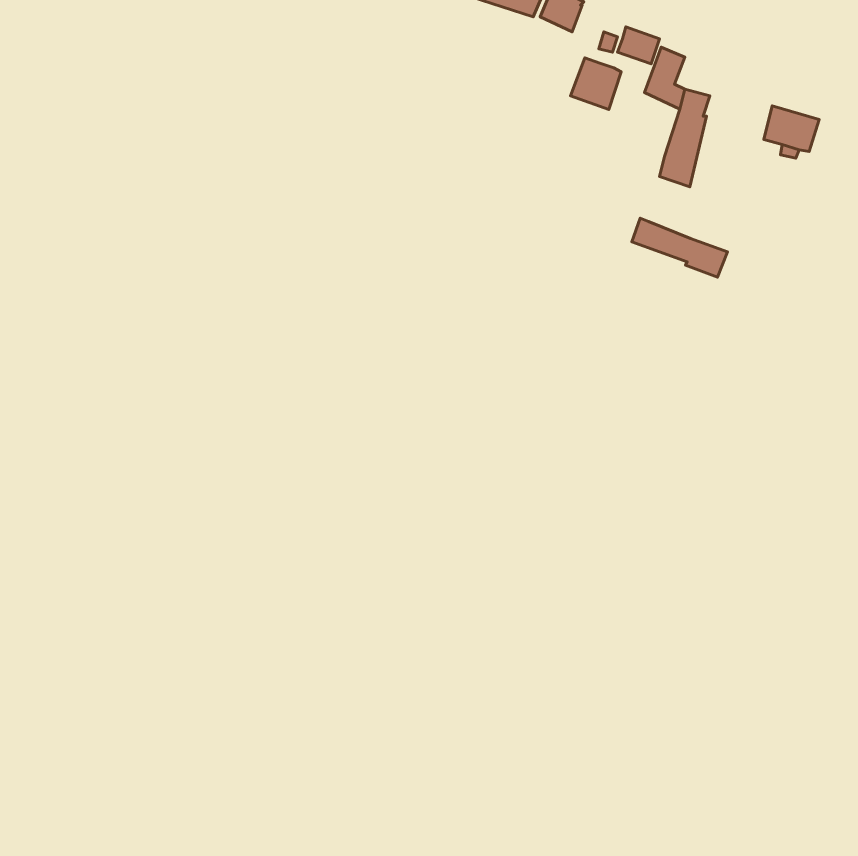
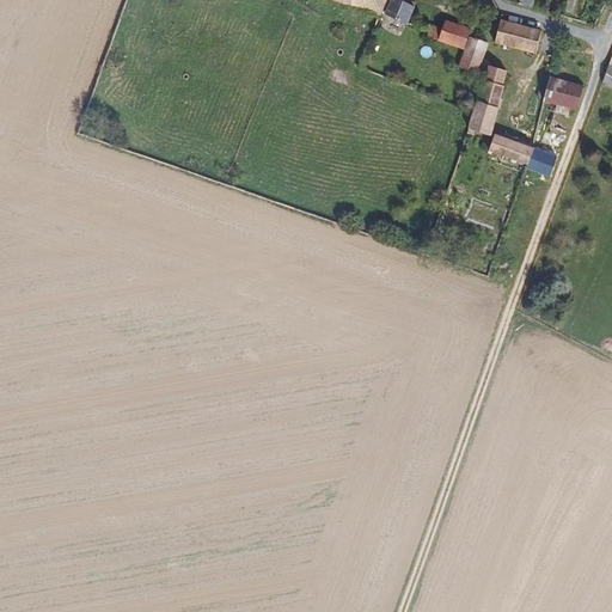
building: none -> [494,18,540,51]
building: [571,58,621,109] -> none
building: [632,218,728,277] -> [488,131,556,173]

